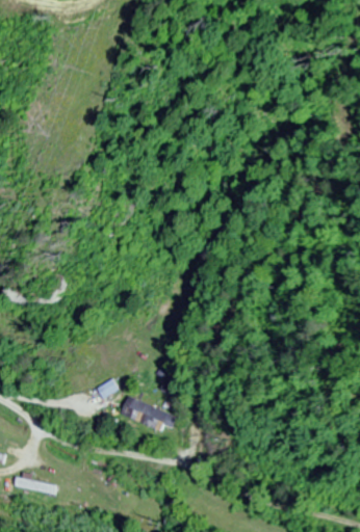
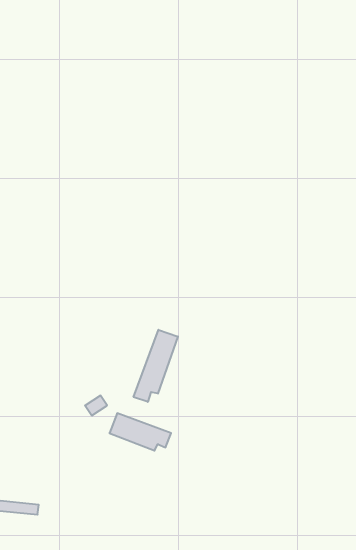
building: none -> [134,330,178,402]

